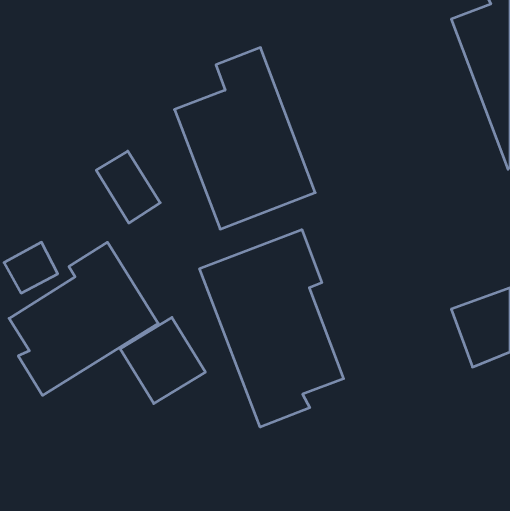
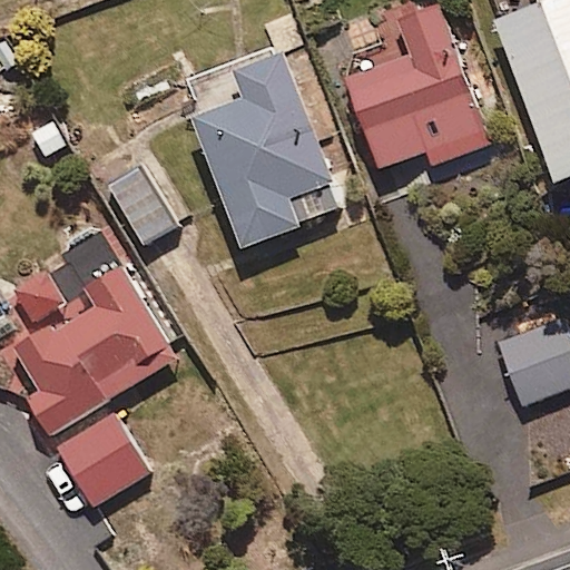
building: none -> [347,7,487,167]
building: [200,230,344,427] -> none
building: [120,317,205,404] -> [55,411,148,505]

